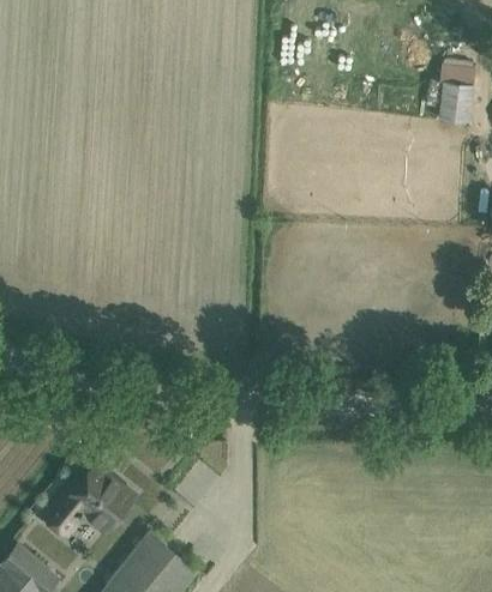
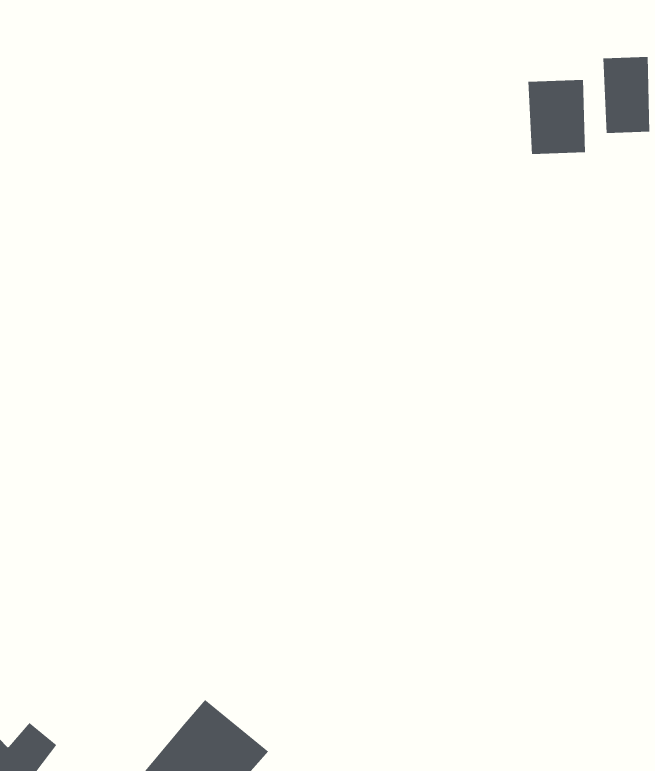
building: none -> [528,79,585,155]
building: [44,463,136,533] -> none

